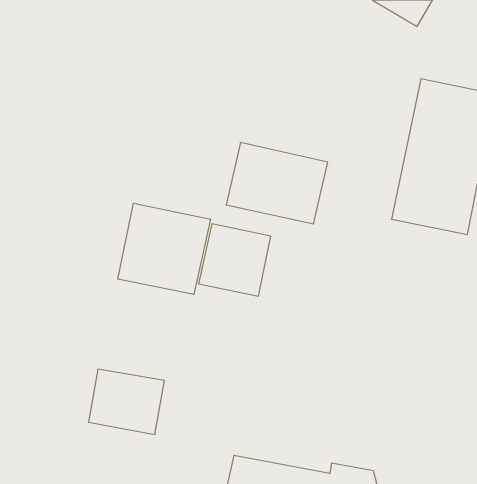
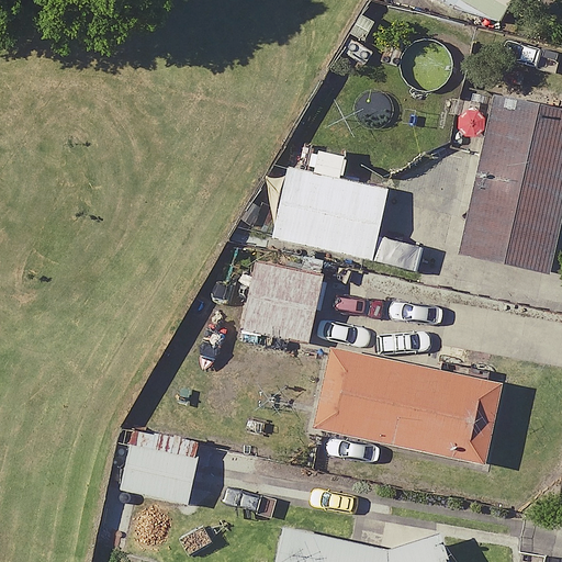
building: [118,203,210,295] -> none
building: none -> [312,349,501,463]

